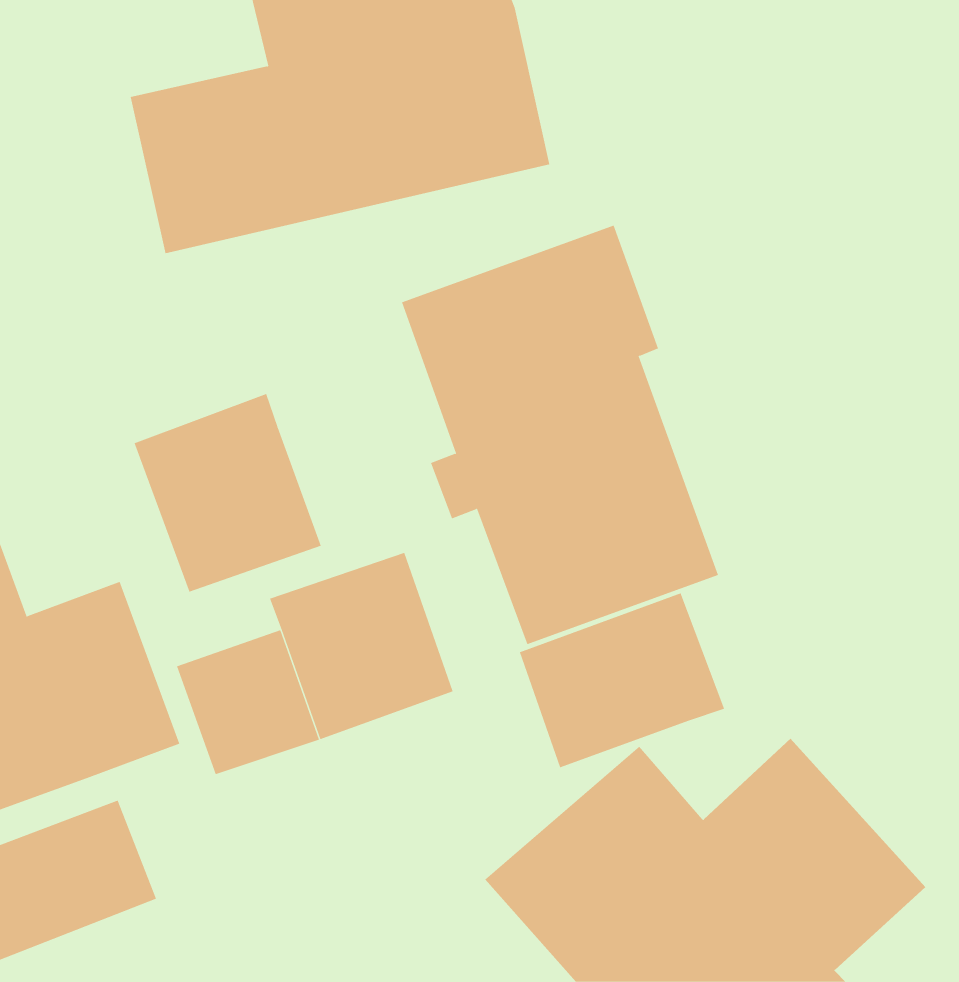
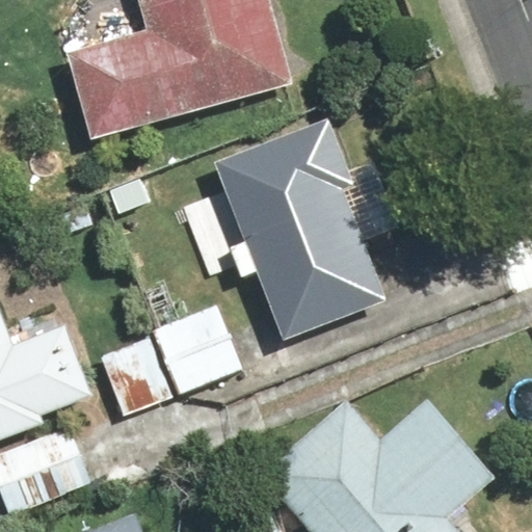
building: [134,393,321,593] -> none
building: [519,593,725,768] -> none

